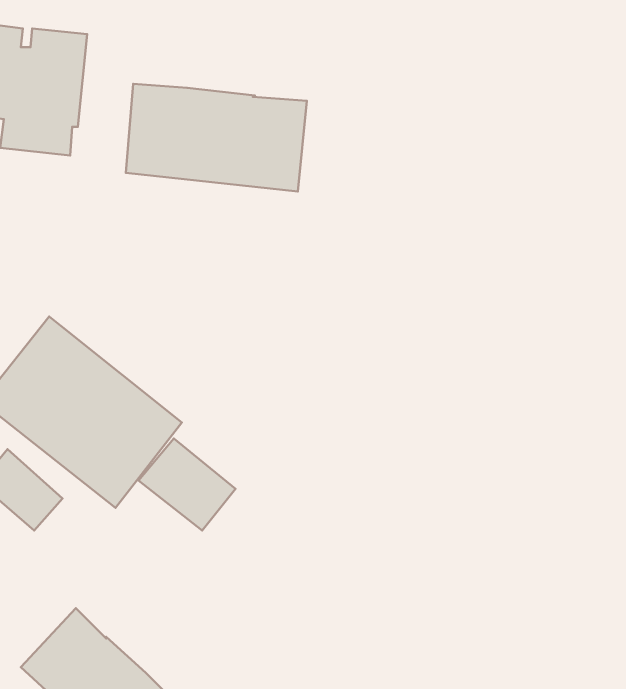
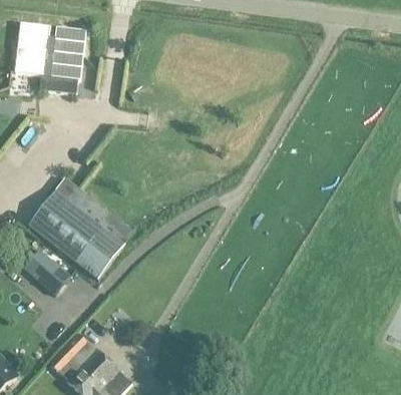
building: [126,84,307,192] -> none
building: [139,438,236,530] -> none

